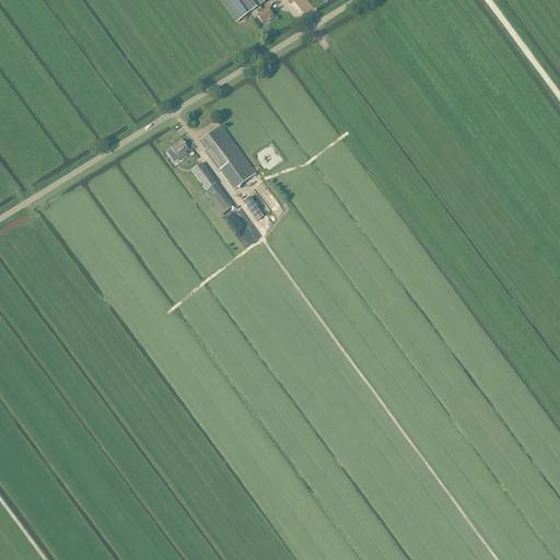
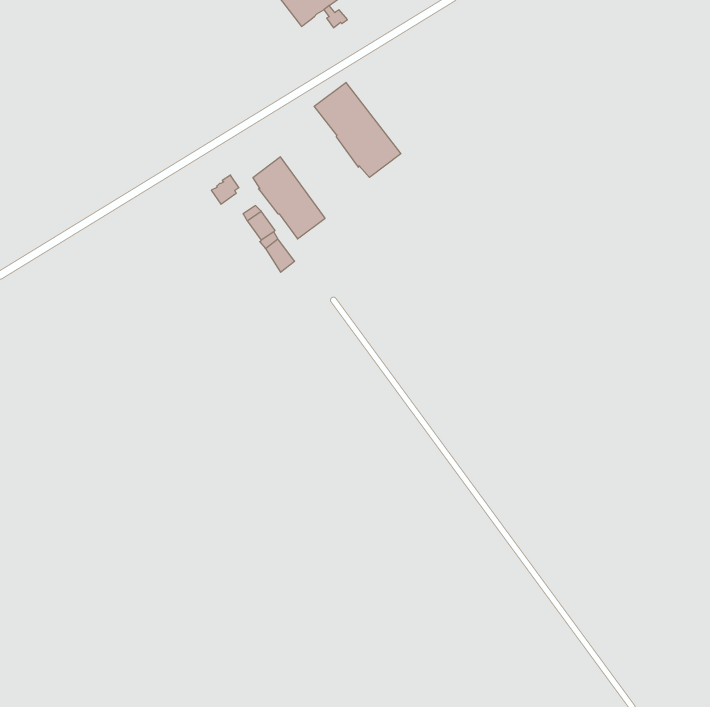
building: none -> [314,82,401,177]

